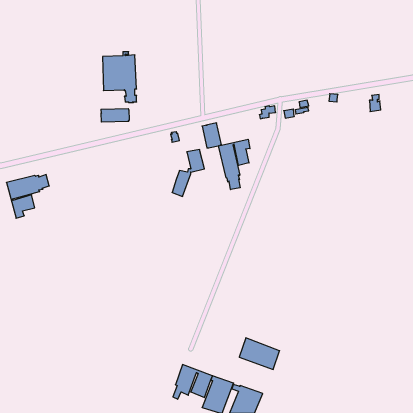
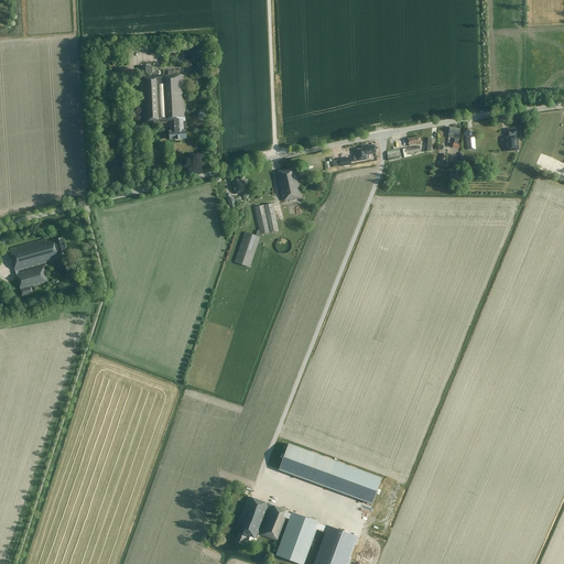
building: [101,109,129,122] -> none
building: [219,139,250,190] -> none
building: none -> [279,444,335,487]

